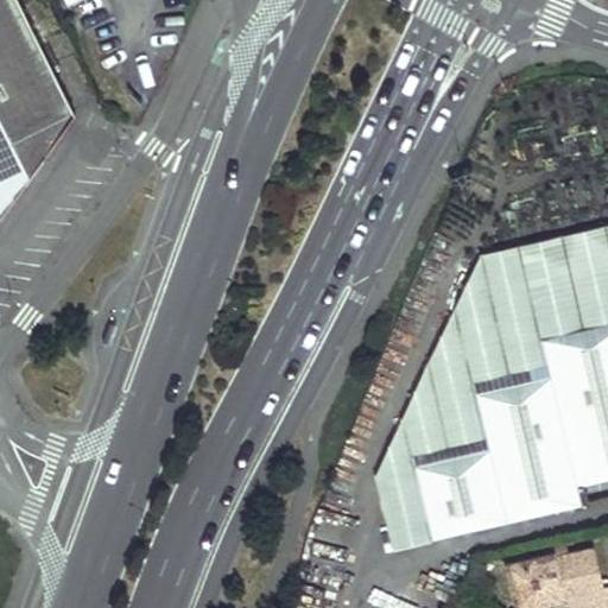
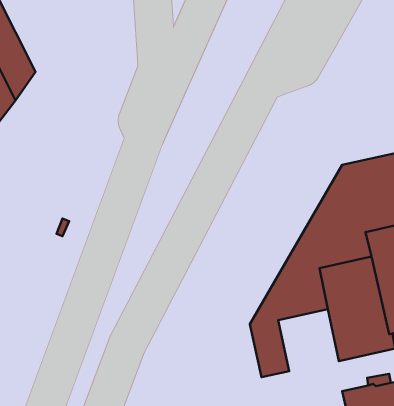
building: [416,451,501,539] -> none

